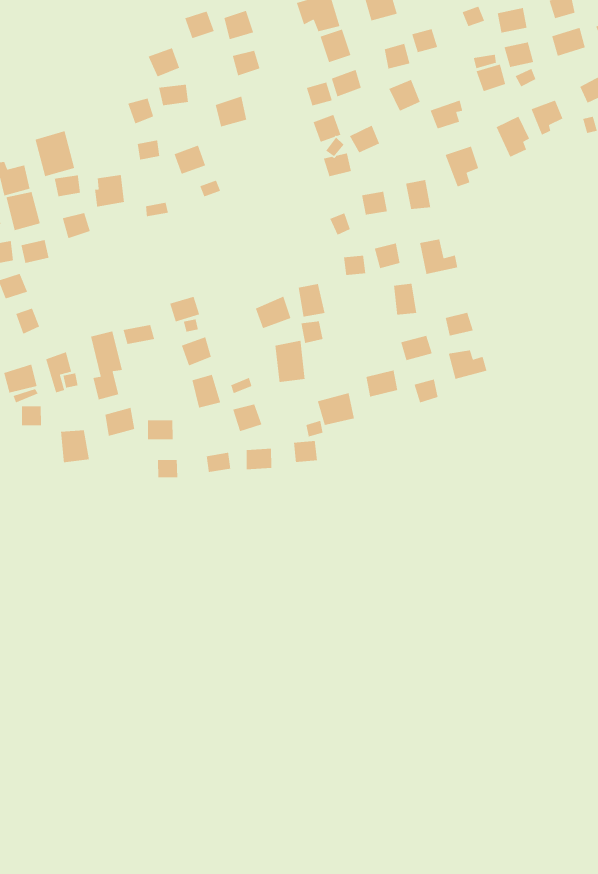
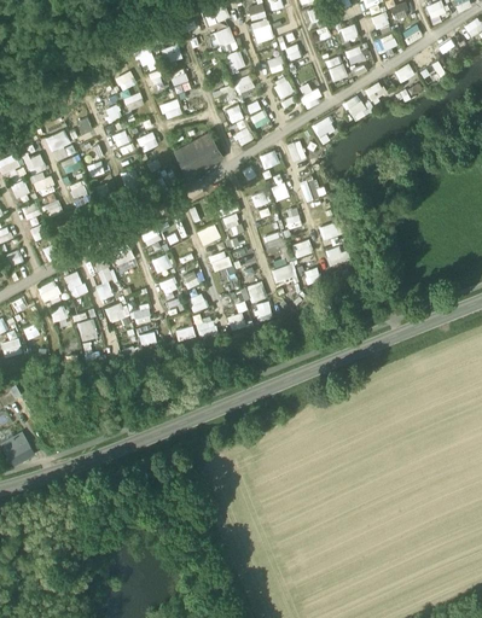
building: none -> [175,135,220,176]

